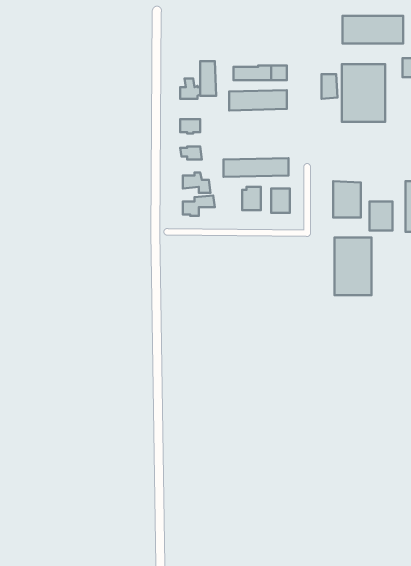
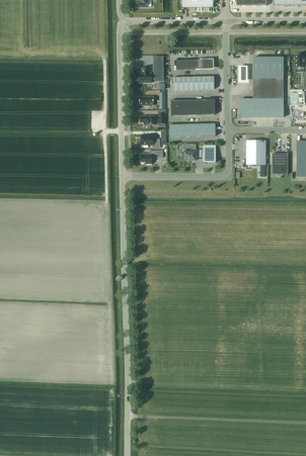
building: [342,16,403,43] -> [240,98,283,117]
building: none -> [170,99,215,115]
building: [335,237,372,295] -> none

